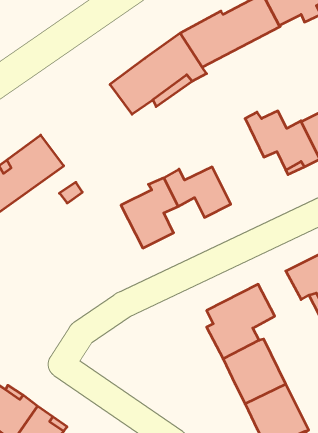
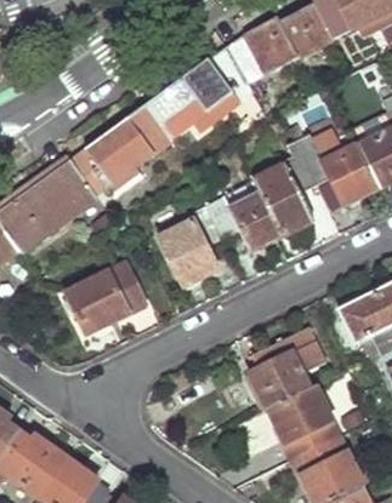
building: none -> [70,103,172,194]
building: none -> [254,141,317,235]
building: none -> [67,263,147,332]

